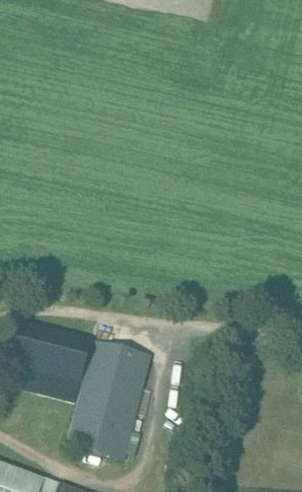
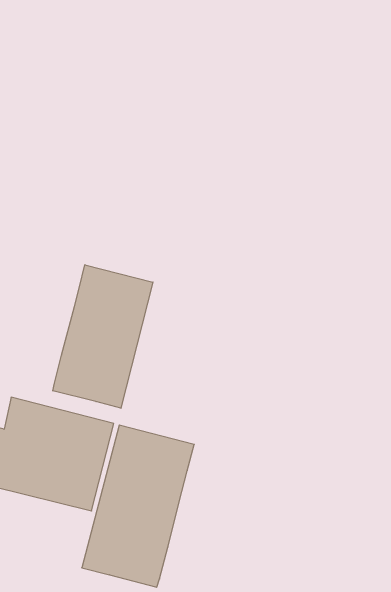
building: none -> [53,265,153,408]

